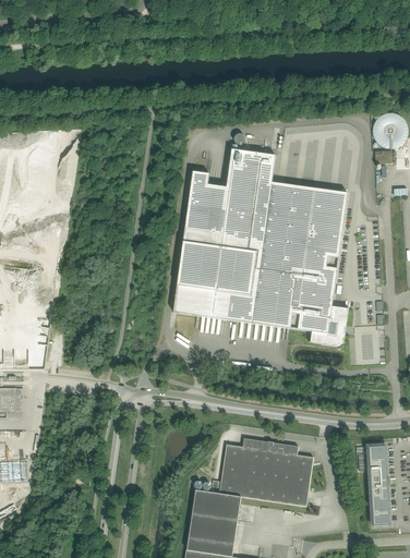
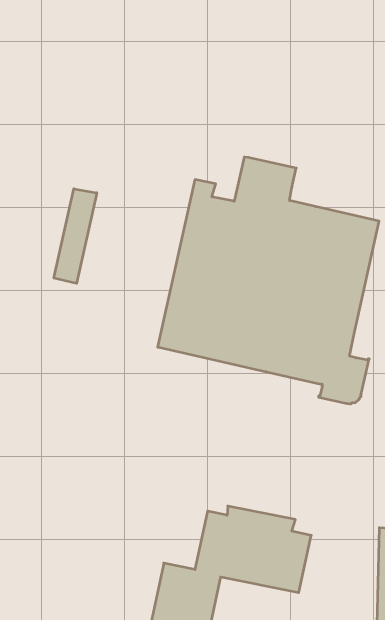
building: none -> [54,189,97,283]

